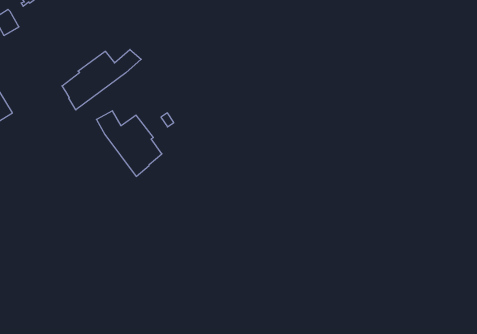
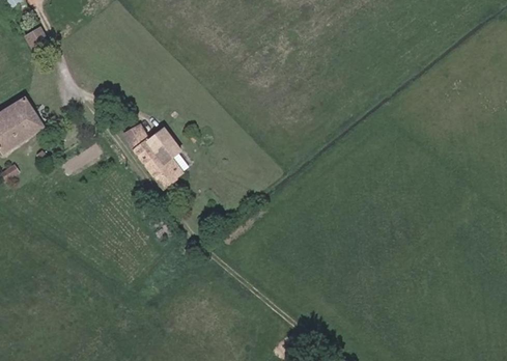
building: [62,49,141,110] -> none

